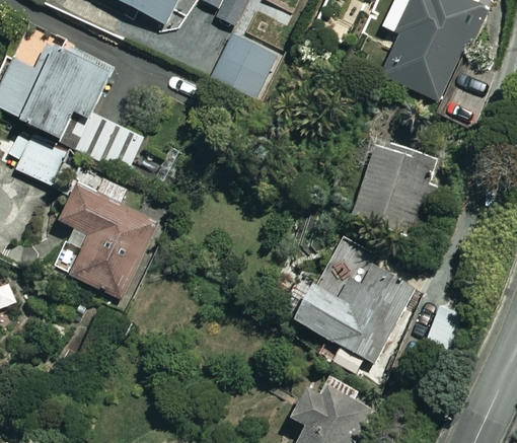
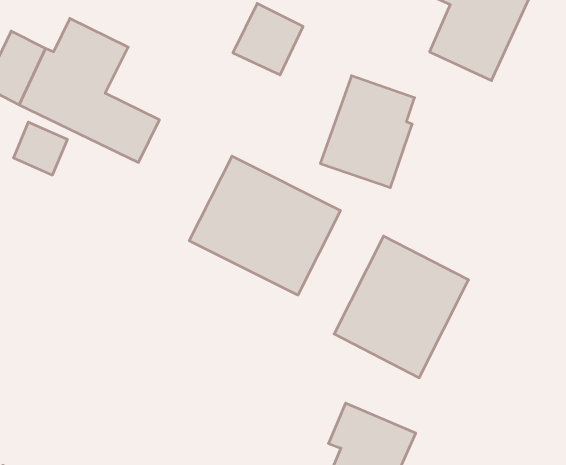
building: [352,139,435,237] -> [320,76,415,188]
building: none -> [189,156,340,295]
building: [62,178,156,298] -> none

